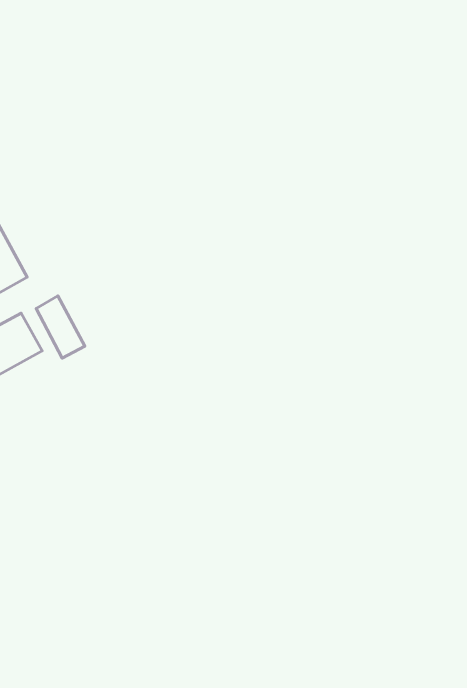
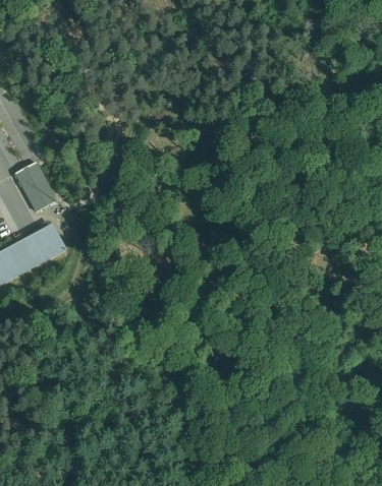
building: [36,296,85,358] -> none

